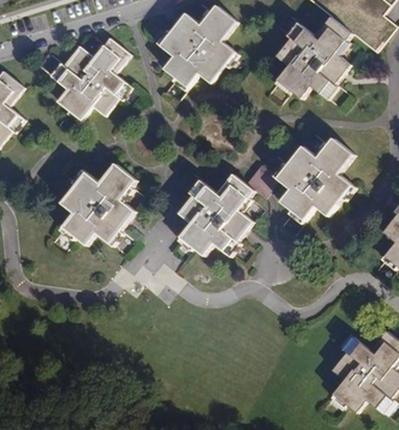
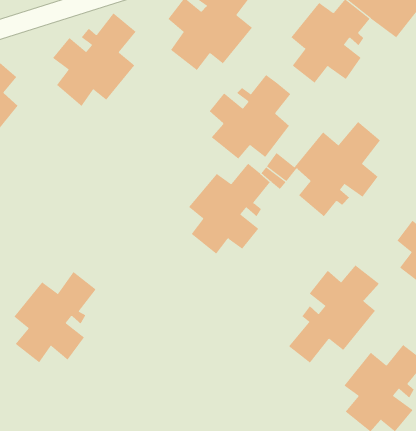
building: none -> [209,74,291,159]
building: [61,160,138,245] -> [14,271,96,363]
building: none -> [288,265,380,364]

